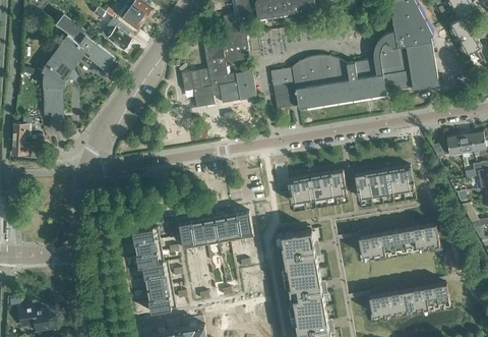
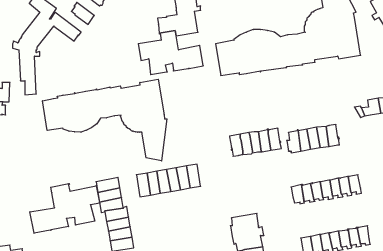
building: none -> [43,79,167,161]
building: [282,228,319,275] -> none
building: none -> [30,184,100,233]

